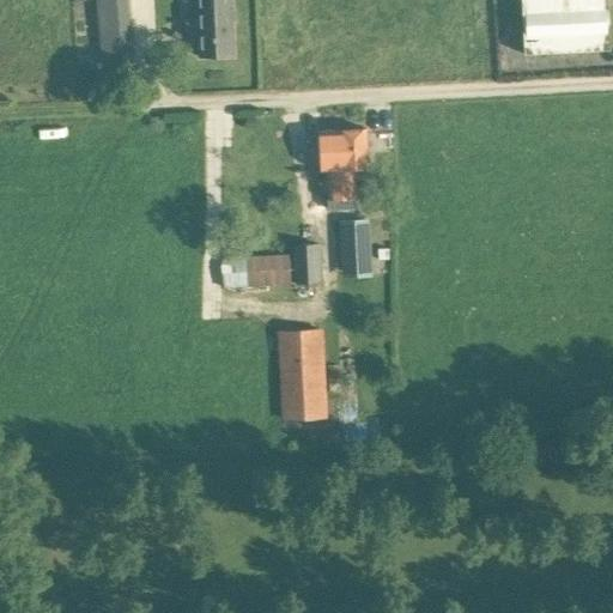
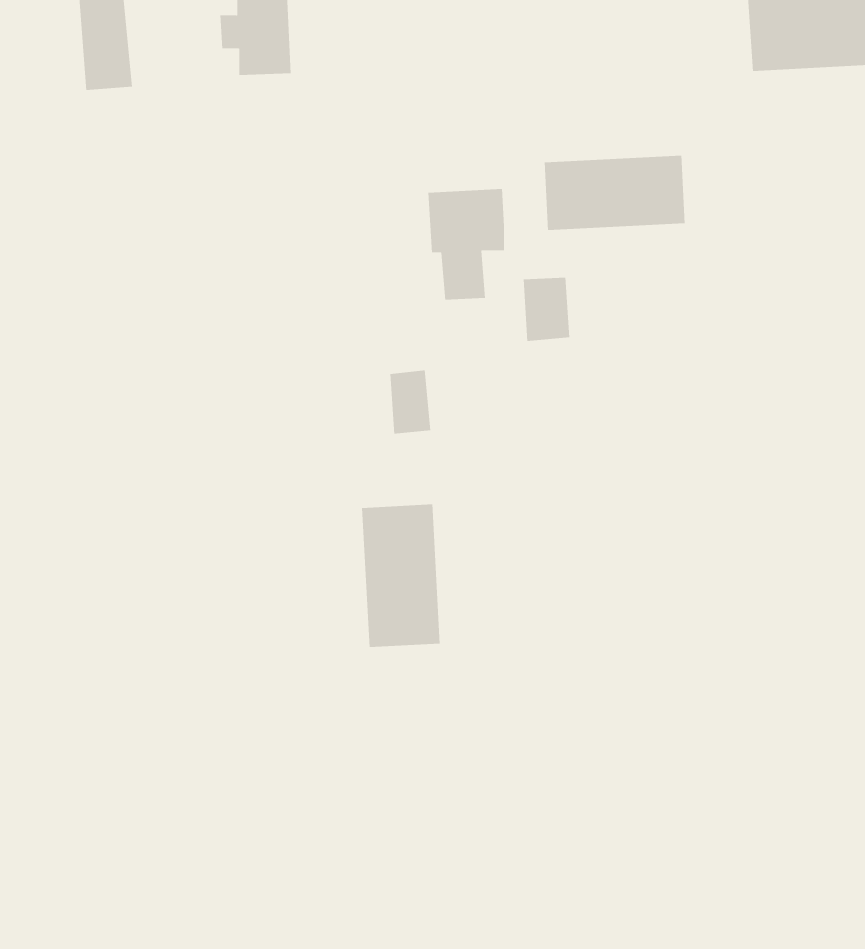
building: none -> [544,155,685,231]
building: [341,220,371,261] -> [523,277,570,341]
building: [221,254,291,287] -> none

